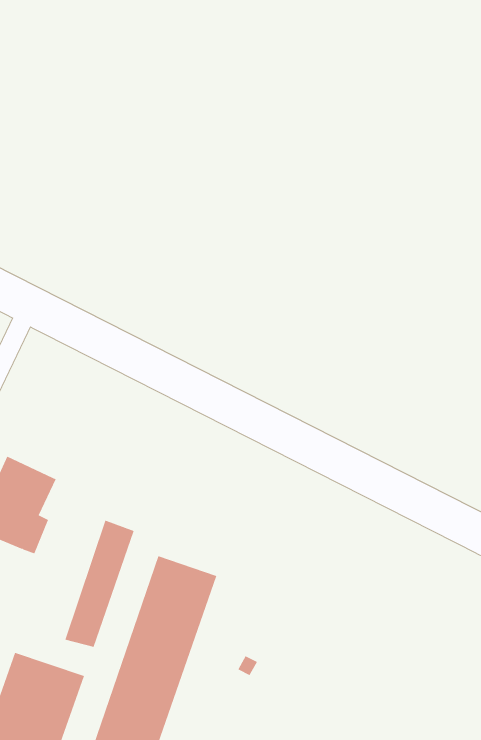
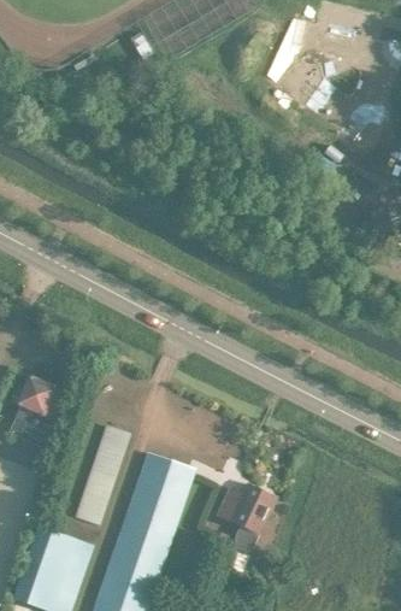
building: none -> [217,483,276,552]

